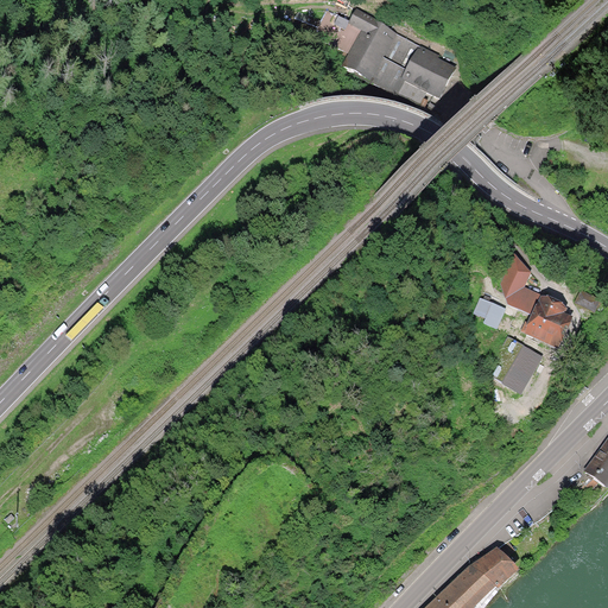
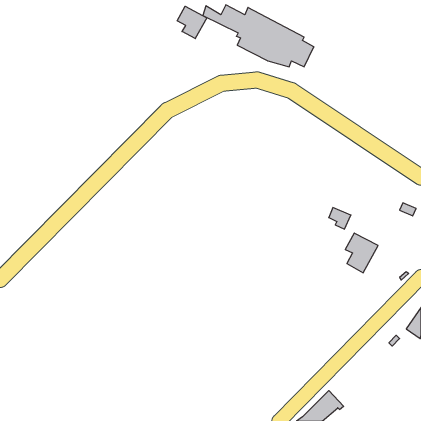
building: none -> [177,6,207,39]
building: [504,259,576,350] -> none
building: [474,547,515,588] -> none

